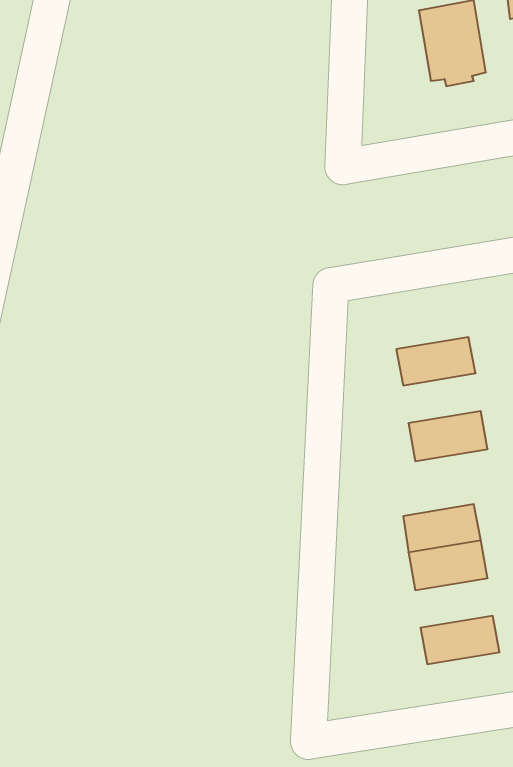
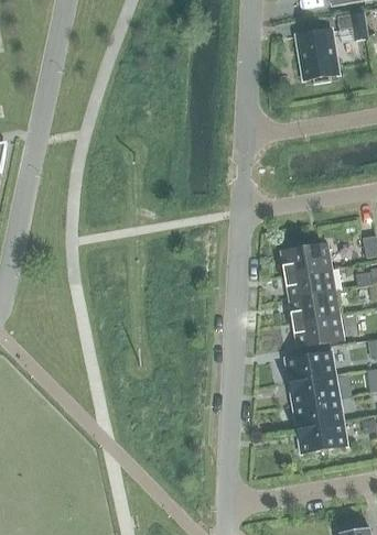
building: none -> [286,266,335,298]
building: none -> [293,315,343,346]
building: none -> [293,397,343,429]

